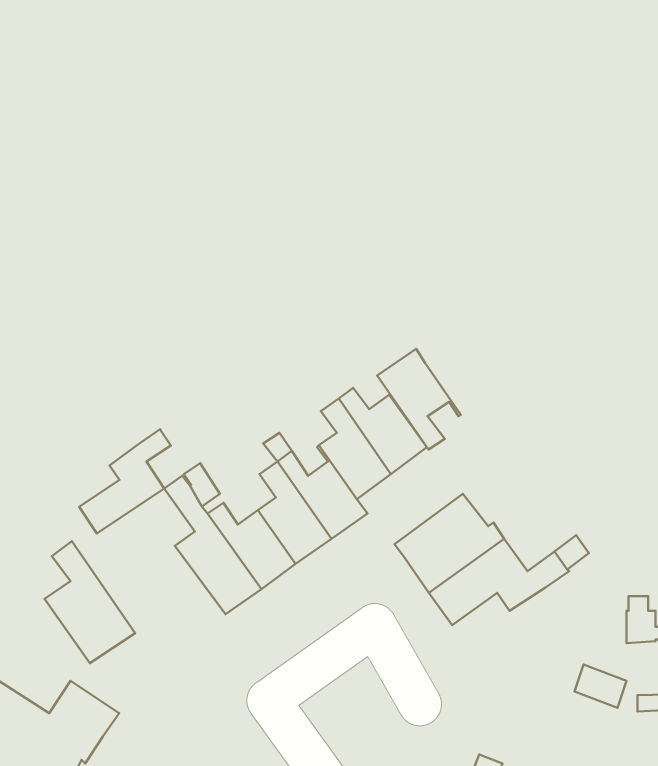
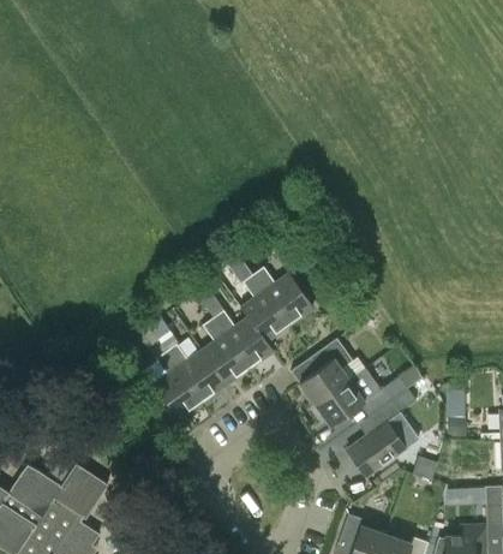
building: [377,349,461,449] -> none
building: [79,429,171,534] -> none
building: [44,541,135,663] -> none
building: none -> [347,400,406,476]

